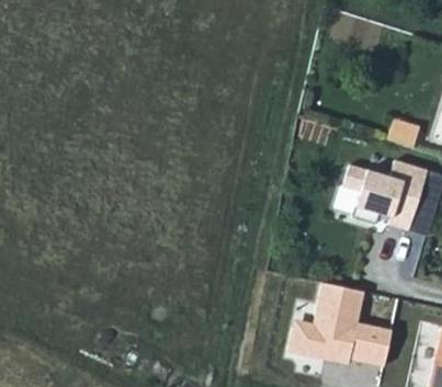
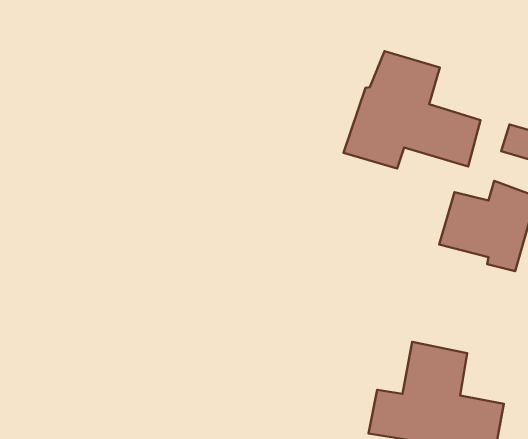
building: none -> [343,51,481,168]

